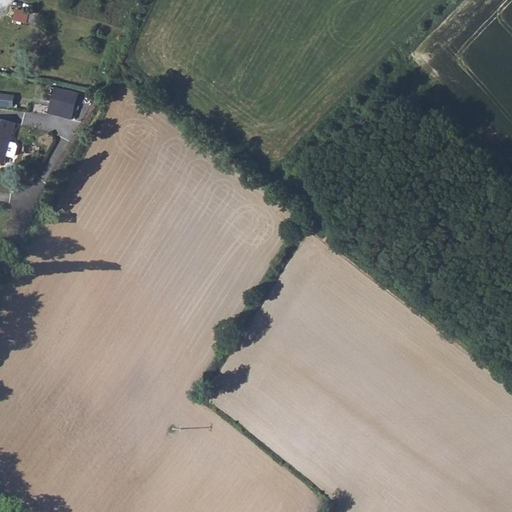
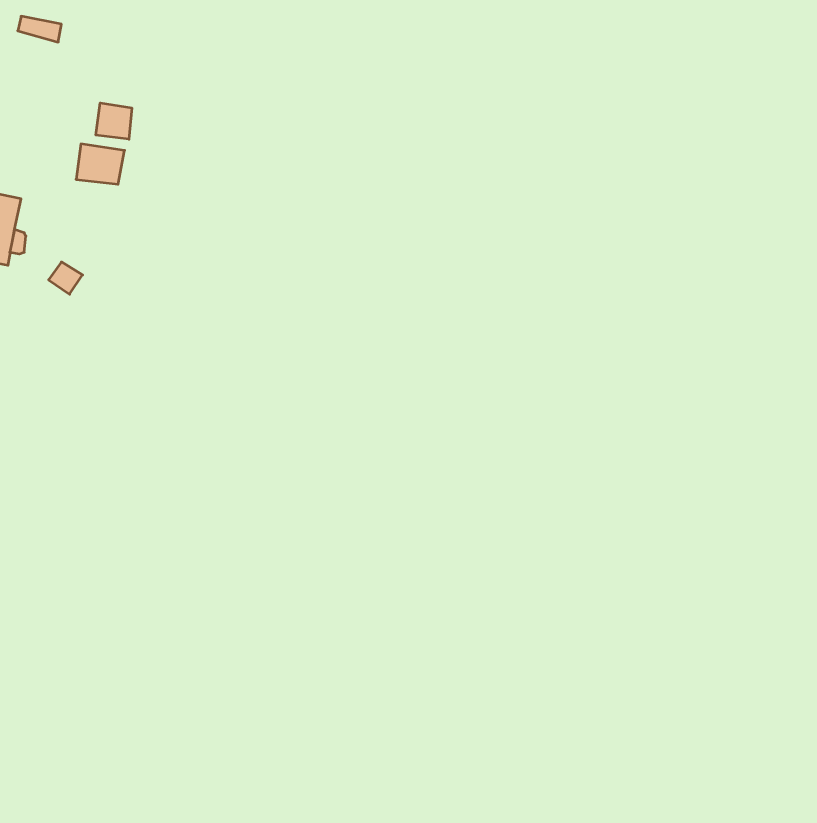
building: none -> [96,103,132,139]

